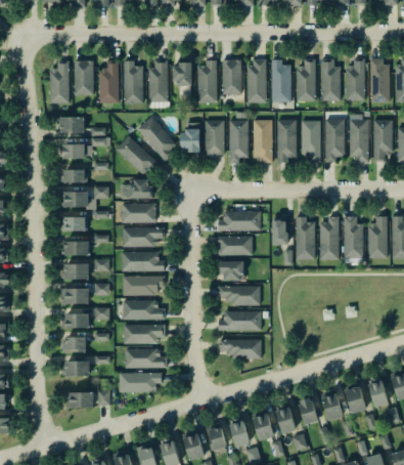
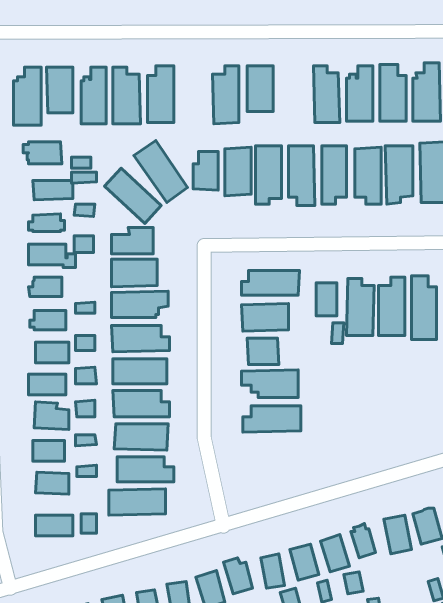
building: [246,58,266,103] -> none
building: [172,62,191,85] -> none
building: [220,339,262,356] -> none

